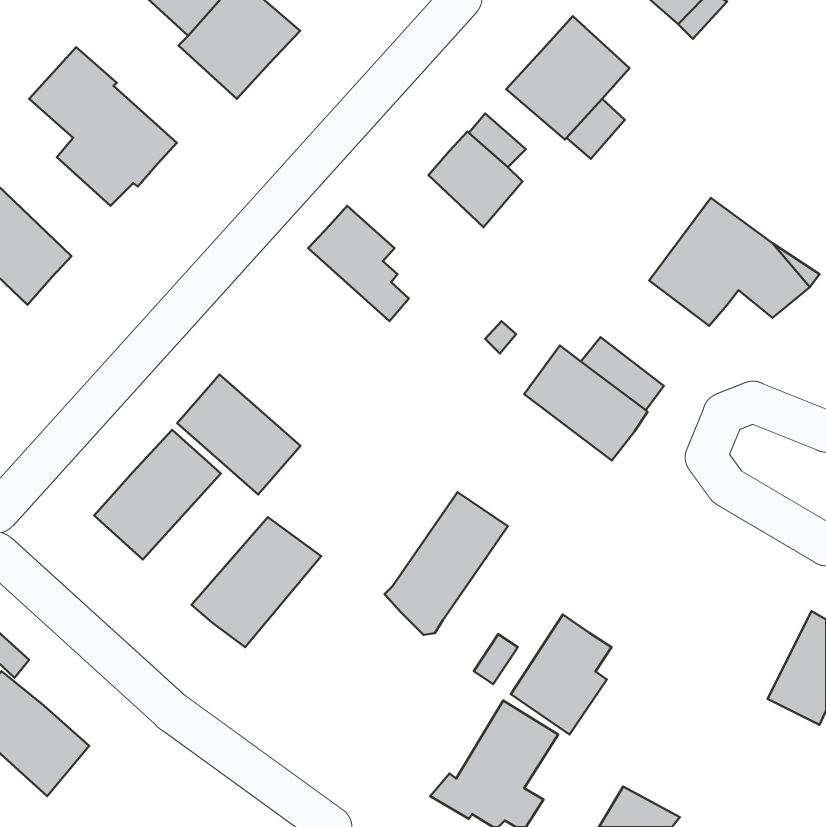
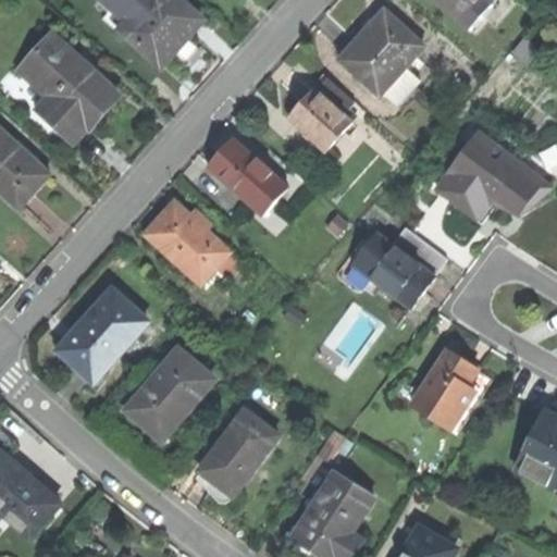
building: [177,374,300,494] -> [148,201,231,282]
building: [384,492,508,635] -> [197,409,280,505]
building: [511,615,612,735] -> [410,349,478,430]

